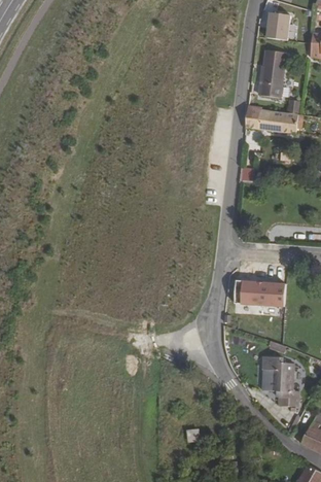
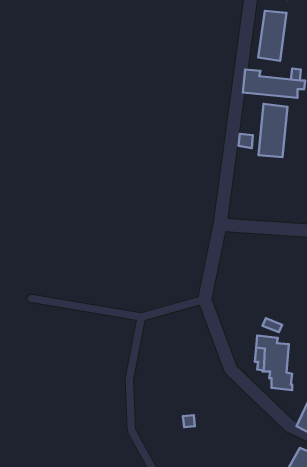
building: none -> [258,104,287,157]
building: [238,279,281,305] -> none

